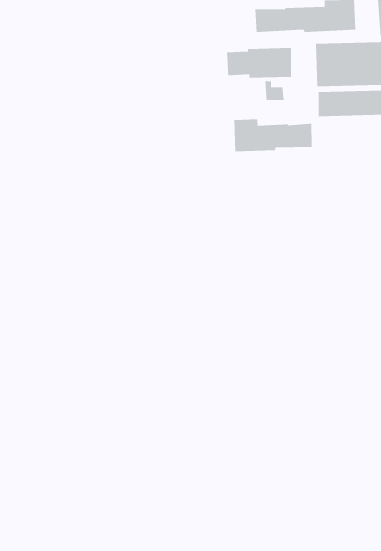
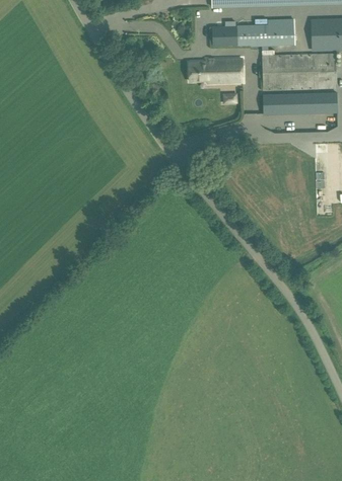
building: [234,119,312,152] -> none

